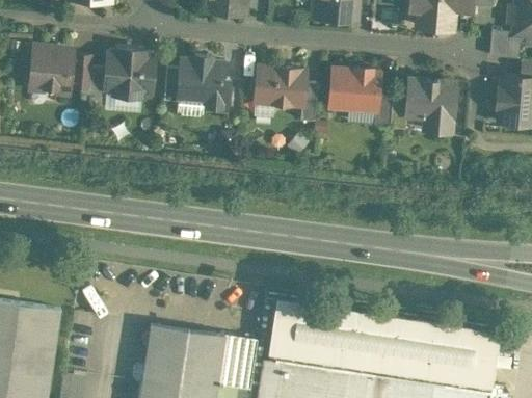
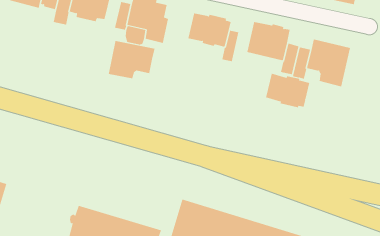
building: none -> [108,40,155,79]
building: none -> [265,73,310,108]

